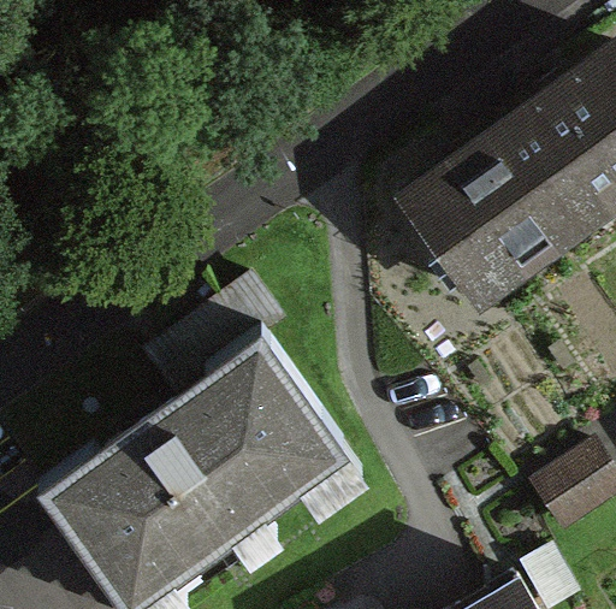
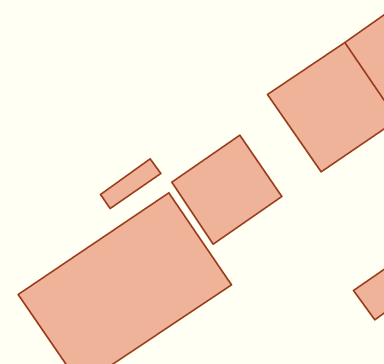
building: none -> [172,135,282,244]

